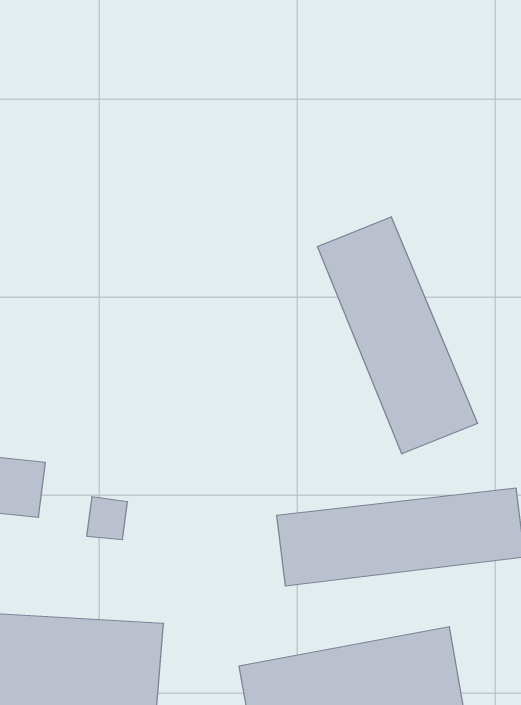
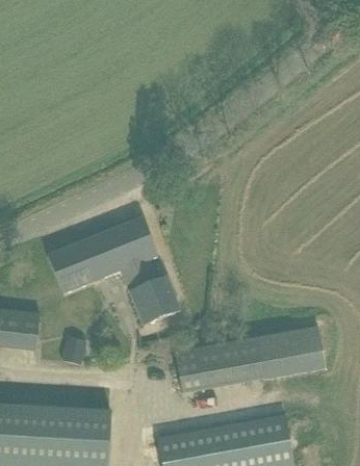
building: [318,217,477,454] -> none
building: none -> [46,218,179,327]

